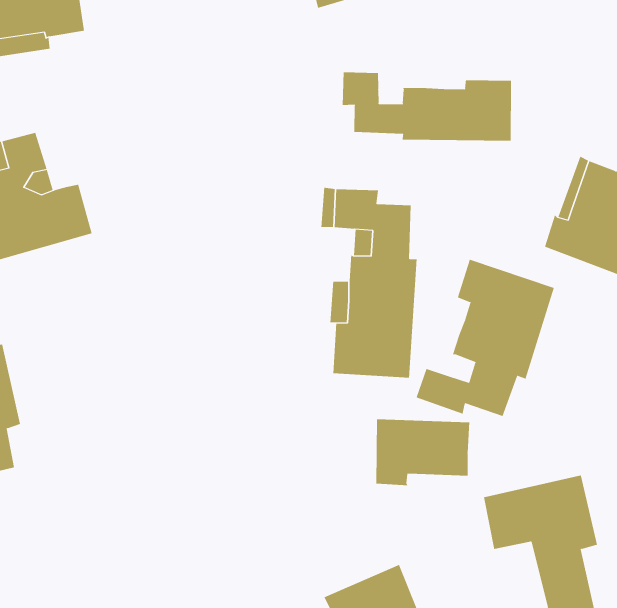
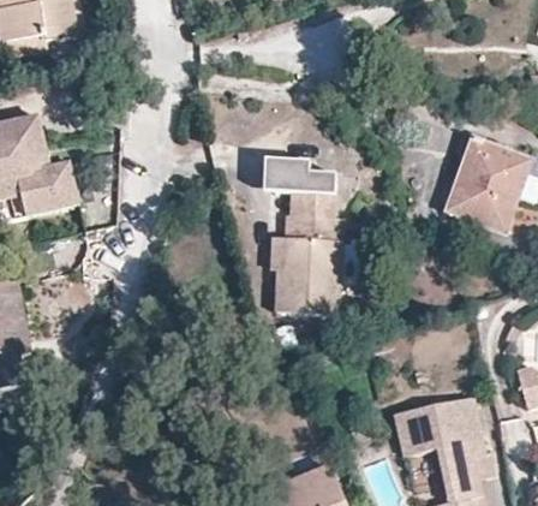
building: [342,72,512,141] -> none
building: [416,259,554,417] -> none
building: [376,419,470,486] -> none

